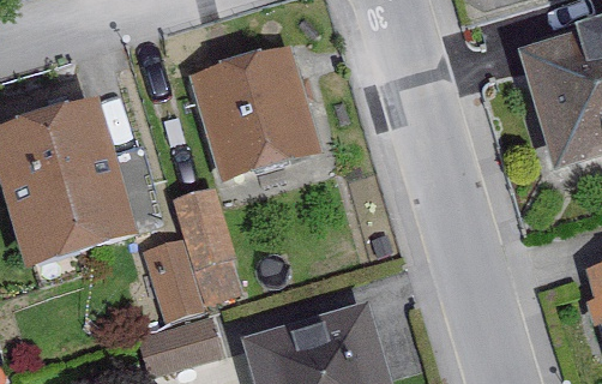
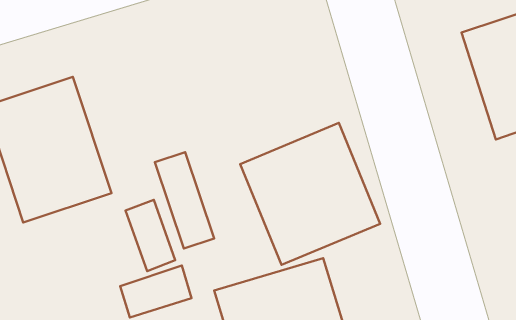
building: [187,47,317,178] -> none
building: none -> [240,123,380,265]

